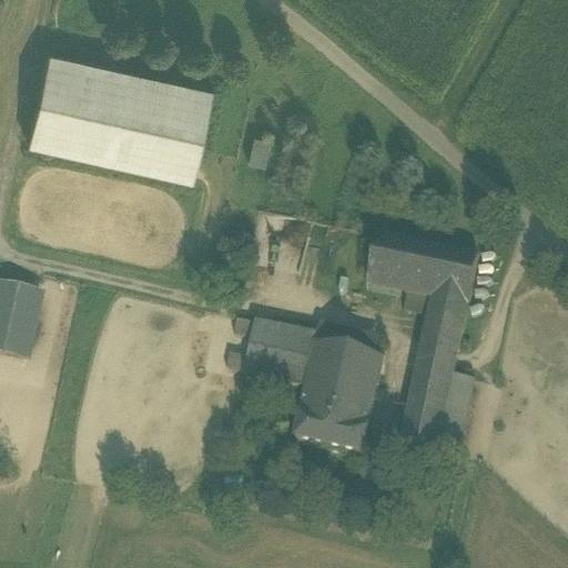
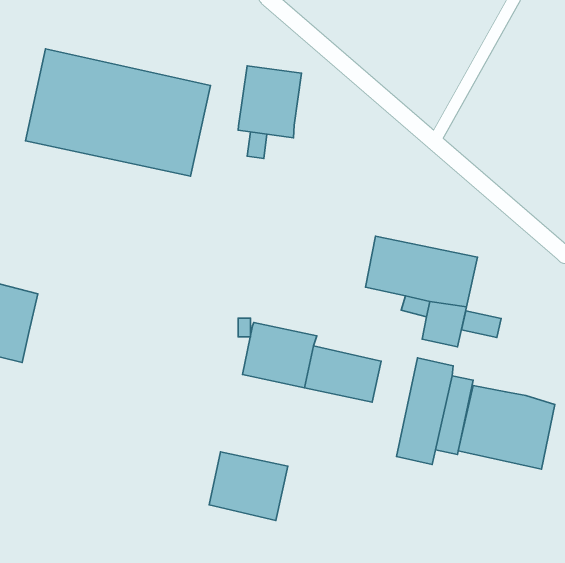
building: none -> [238,66,301,138]
building: [314,325,378,359] -> none
building: [418,339,458,366] -> [461,311,501,337]
building: none -> [458,385,555,469]
building: [294,388,373,457] -> [209,452,288,520]

